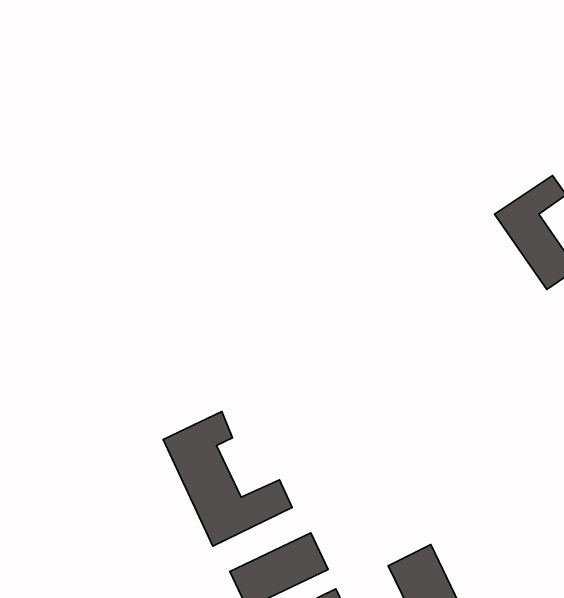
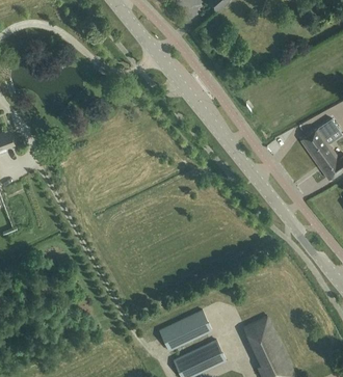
building: [163,412,292,546] -> none

